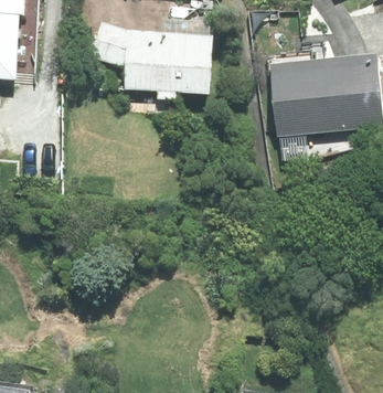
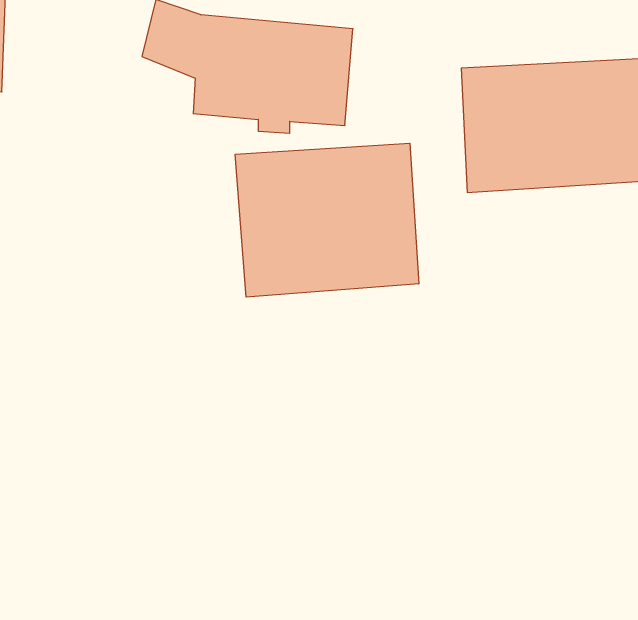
building: none -> [235,143,419,297]

